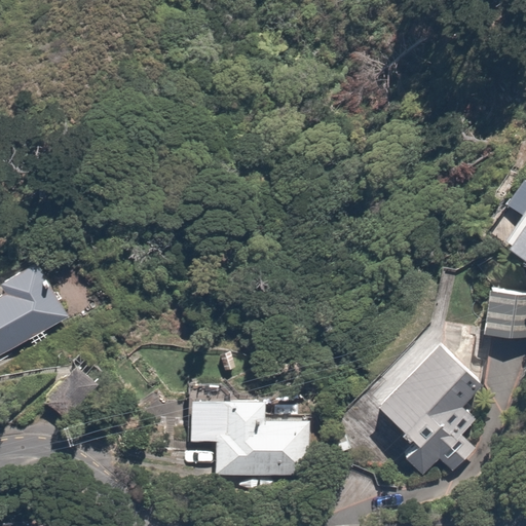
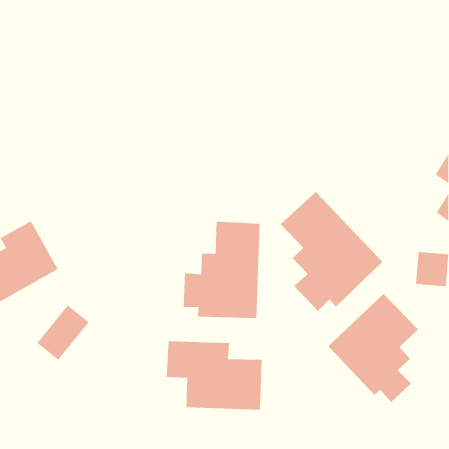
building: none -> [280,191,383,312]
building: none -> [183,221,260,319]

